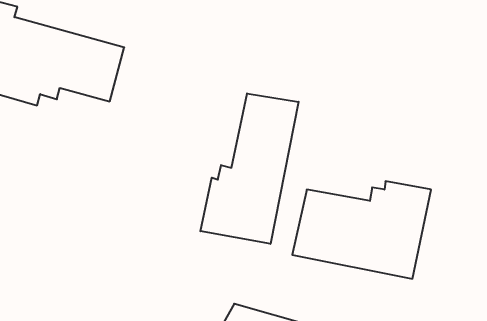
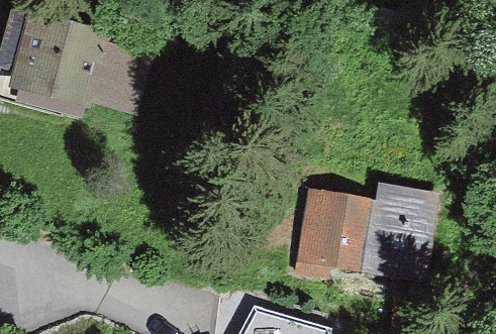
building: [200,93,299,244] -> none

